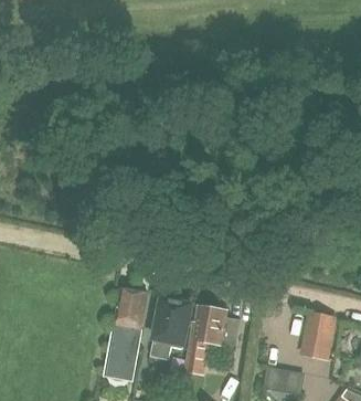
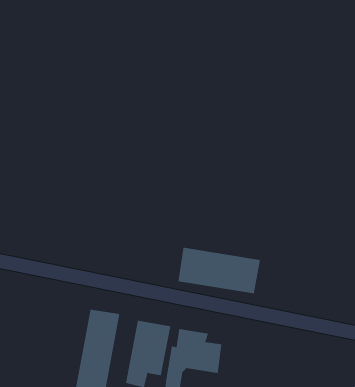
building: none -> [178,247,260,294]
building: [304,313,333,344] -> none

